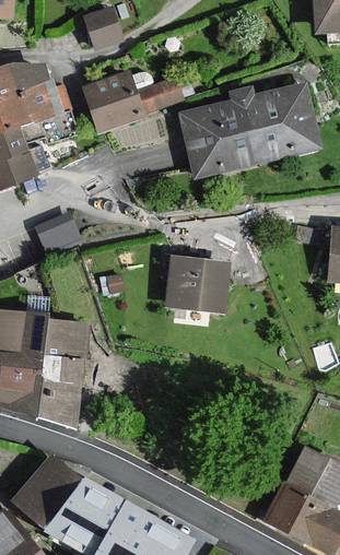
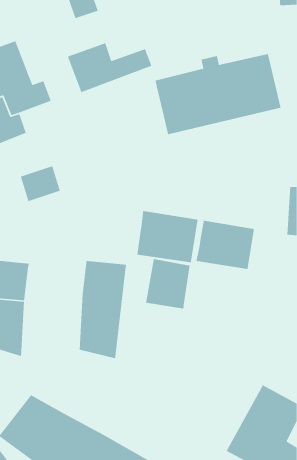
building: none -> [196,220,255,270]
building: none -> [145,258,190,310]
building: [37,318,90,426] -> [79,260,127,359]

